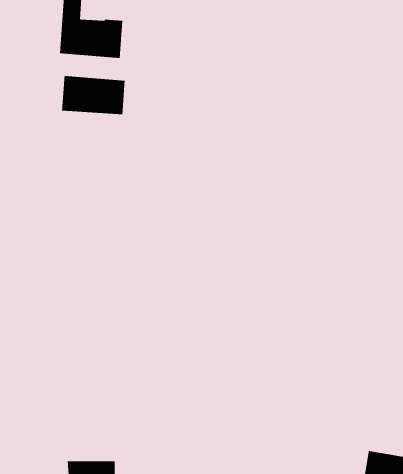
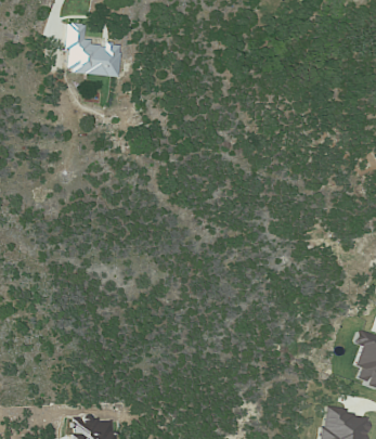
building: [62,75,125,115] -> none

